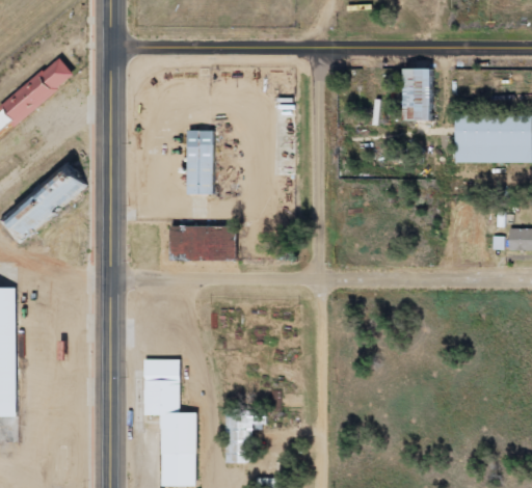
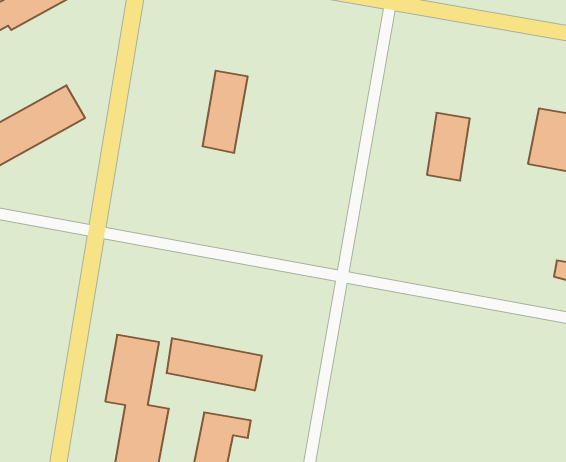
building: [402,67,431,119] -> [427,113,470,181]
building: [170,225,236,259] -> none
building: none -> [167,338,262,391]

